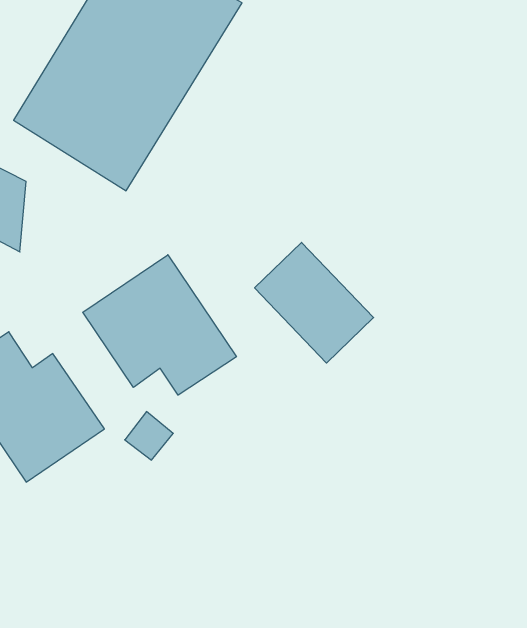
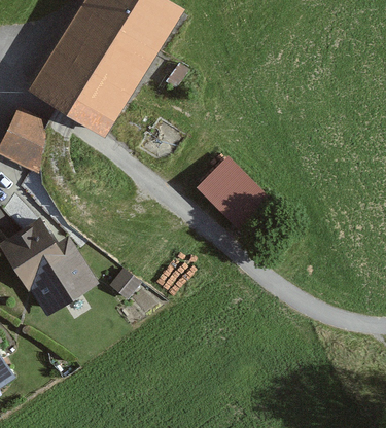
building: [83,255,236,395] -> none

